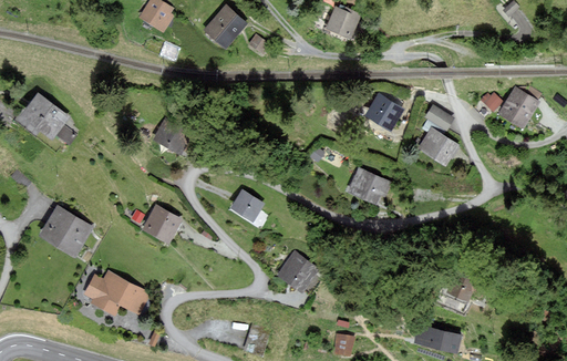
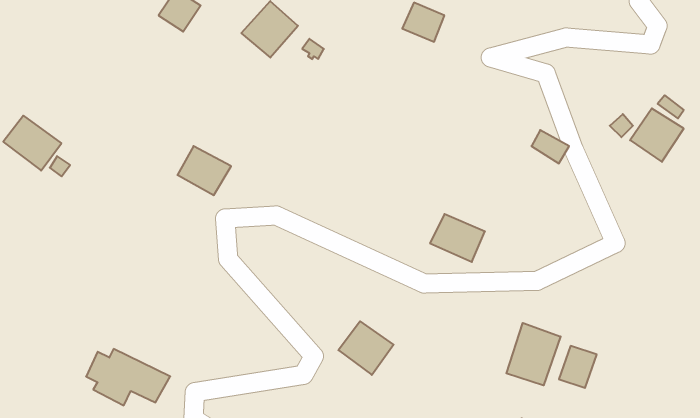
building: [365,95,403,132] -> none
building: [420,128,460,166] -> none
building: [230,190,265,221] -> none
building: [143,206,182,245] -> none
building: [42,207,92,254] -> none
building: none -> [506,323,561,385]

